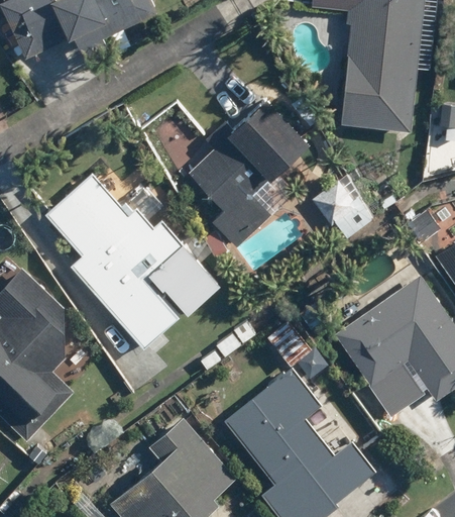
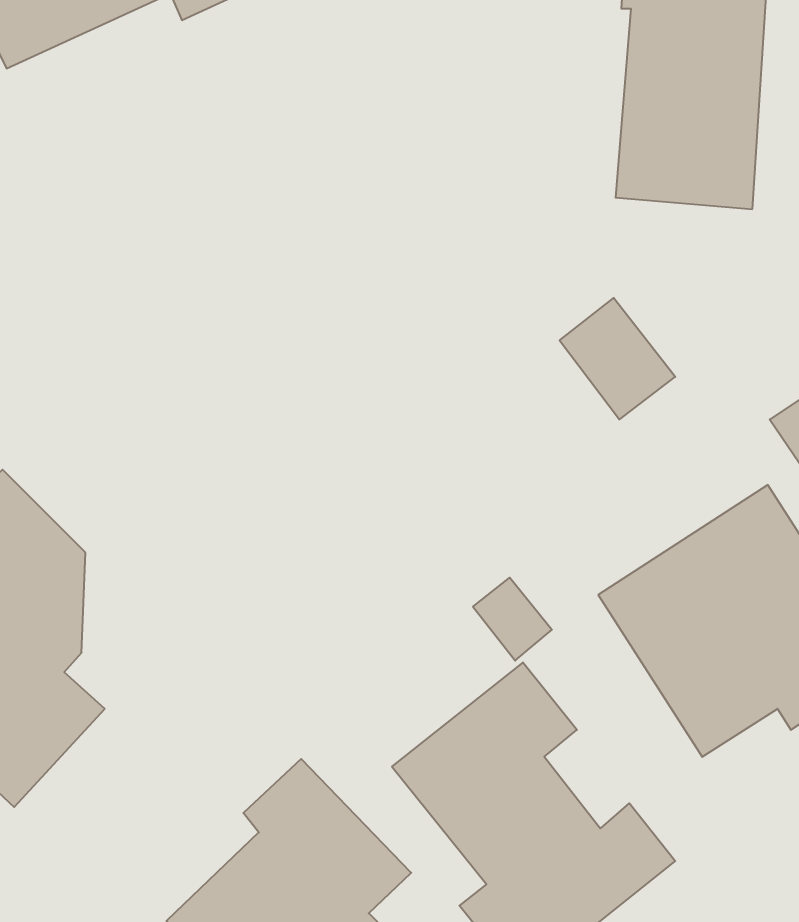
building: [188,98,307,246] -> none
building: [42,172,220,347] -> none

